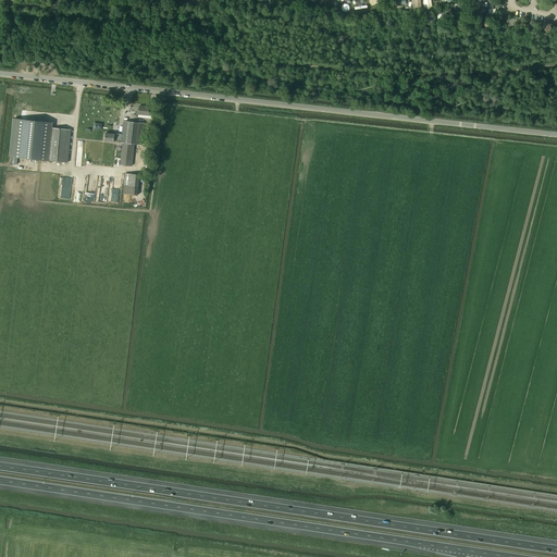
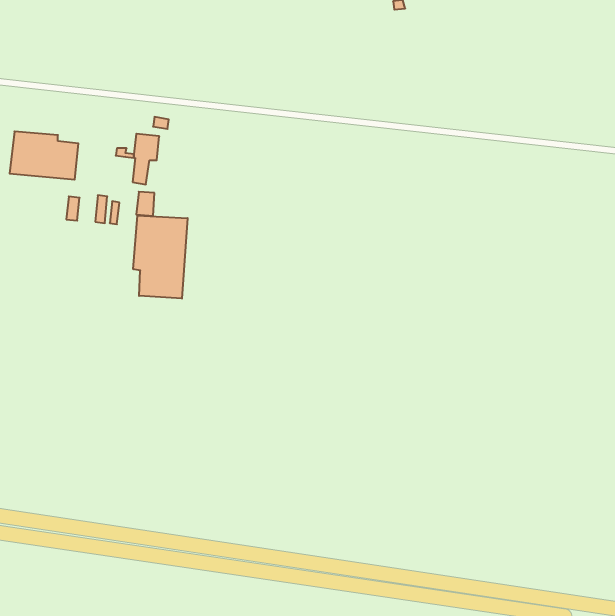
building: none -> [133,216,188,299]

